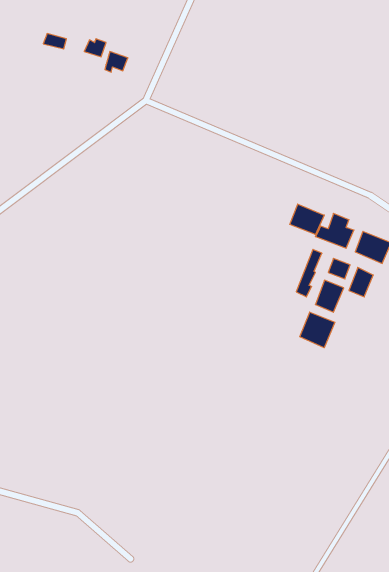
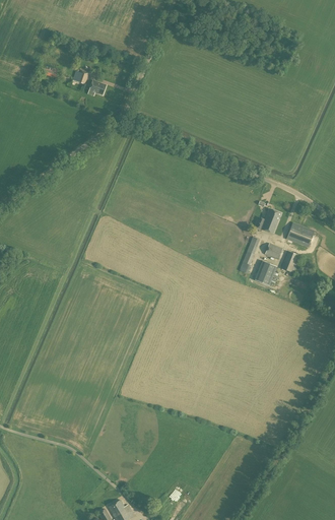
building: [290,204,324,235] -> none
building: [300,312,335,348] -> none

